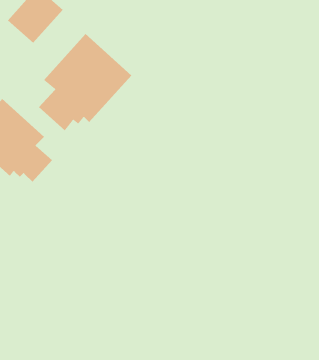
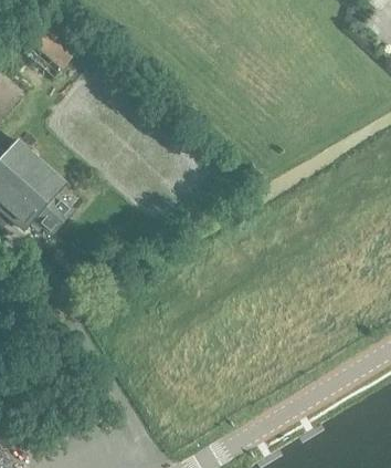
building: [38,33,132,131] -> none

